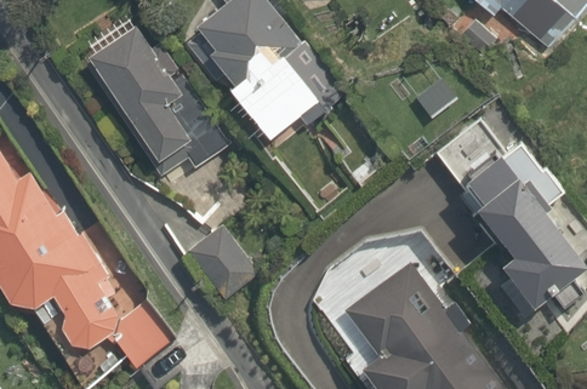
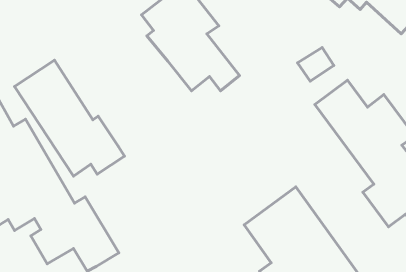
building: [85,18,232,173] -> [15,60,124,176]
building: [187,228,260,303] -> none

